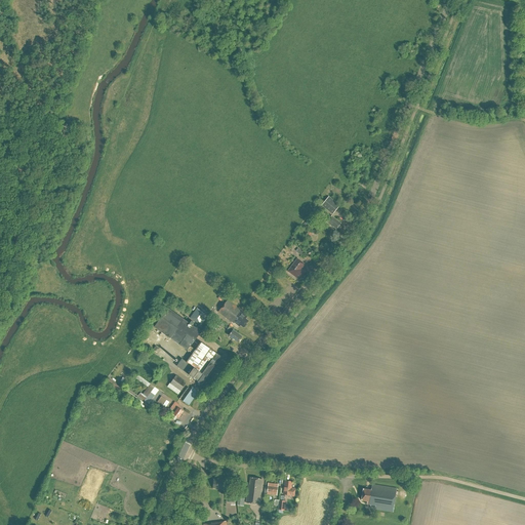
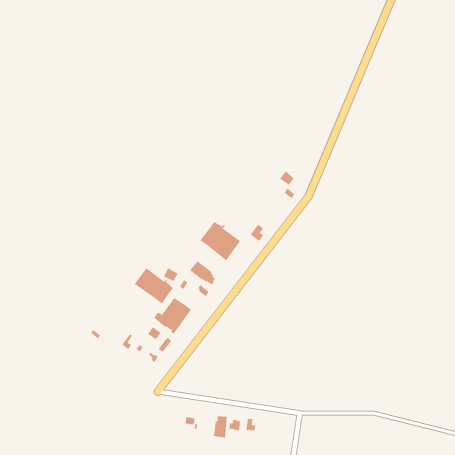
building: none -> [199,221,241,261]
building: [361,484,396,512] -> none

